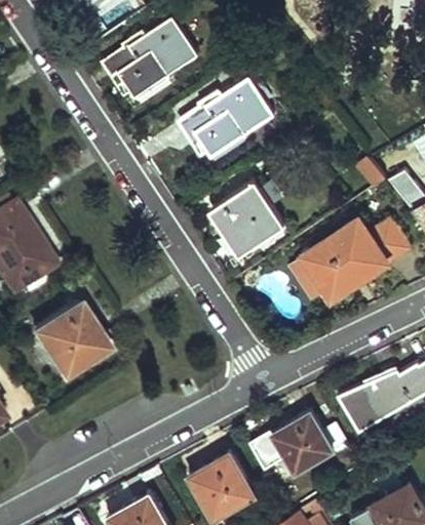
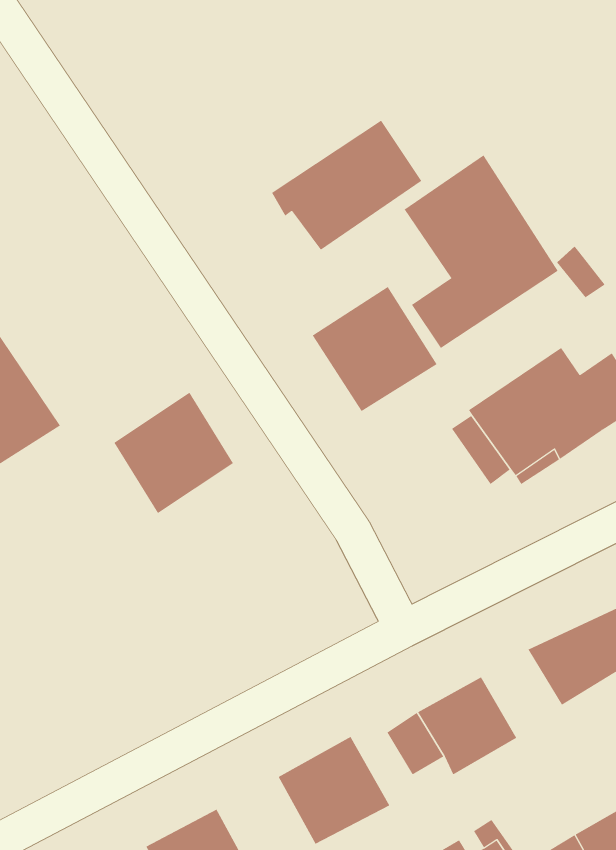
building: [107,17,199,96] -> none
building: none -> [404,155,558,349]
building: [36,300,109,374] -> [113,392,234,514]

